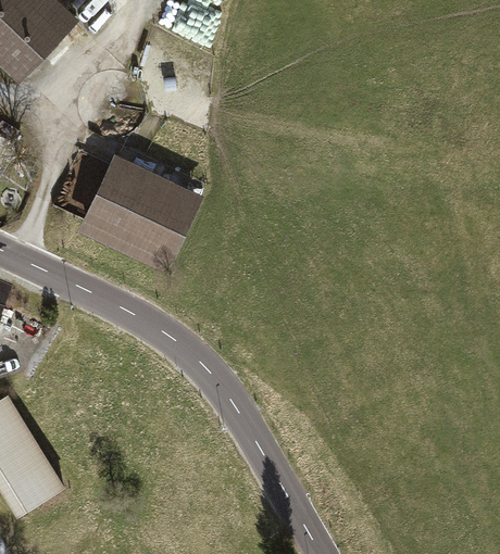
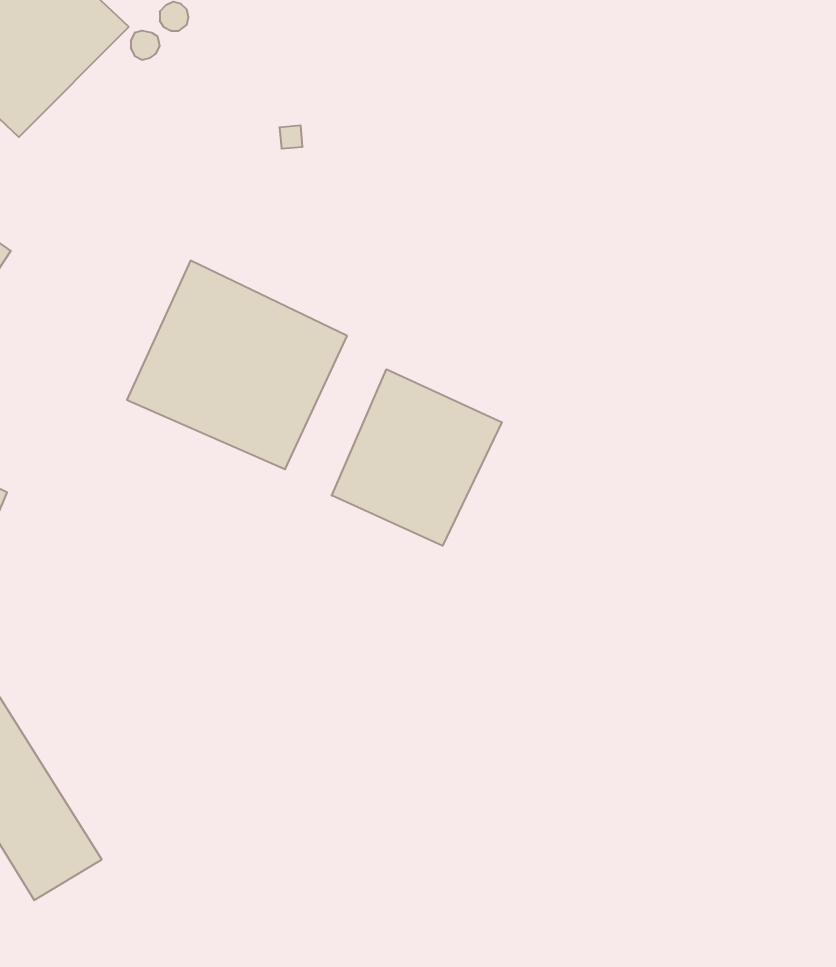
building: none -> [332,369,502,546]

